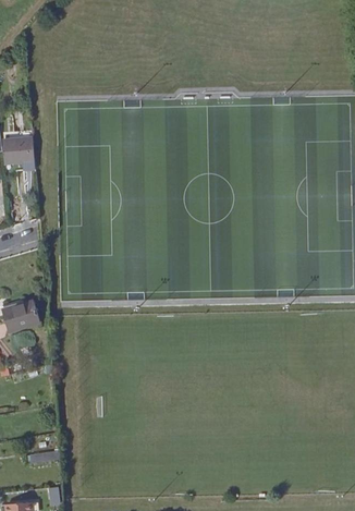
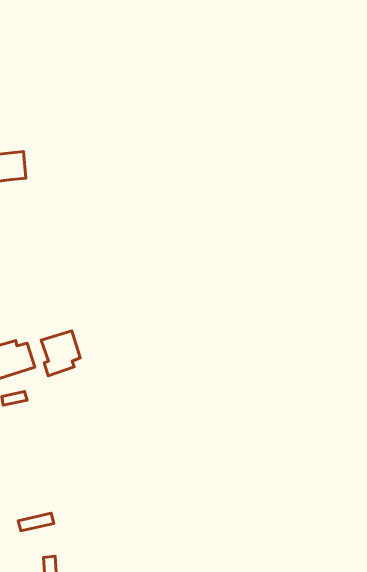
building: none -> [41,331,80,376]

